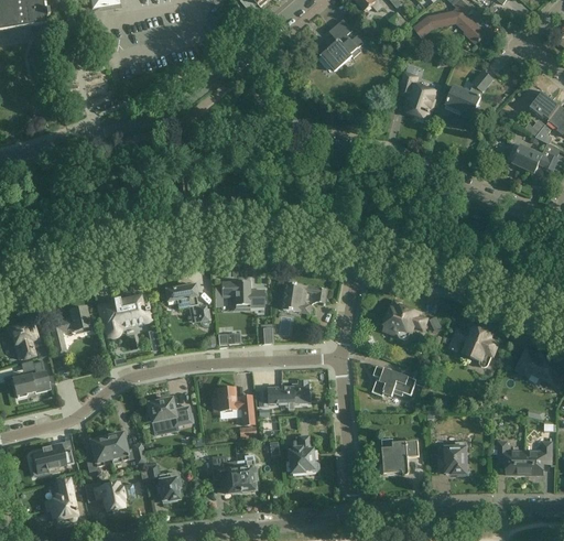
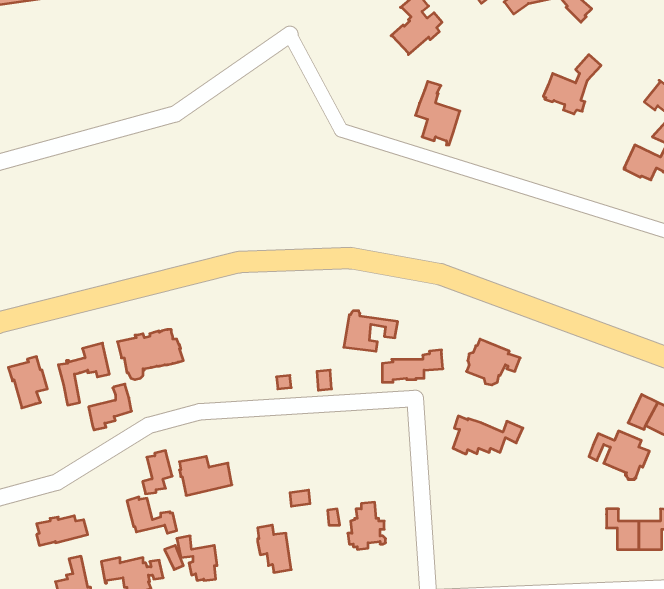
building: [399,65,435,117] -> [415,81,460,145]
building: [220,280,263,306] -> none
building: [164,283,207,320] -> none
building: [448,326,498,366] -> [589,431,649,479]
building: [12,359,47,397] -> [89,384,132,430]
building: [258,379,307,405] -> [382,350,443,382]
building: [212,386,252,424] -> none
building: [86,434,110,469] -> [143,451,172,494]
building: [378,437,419,473] -> none
building: [437,441,469,475] -> none
building: [235,455,257,490] -> none

